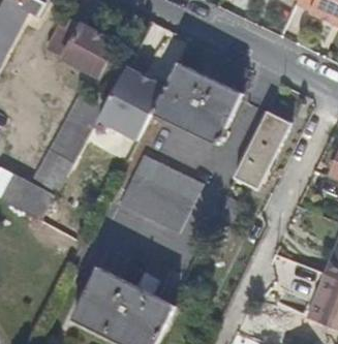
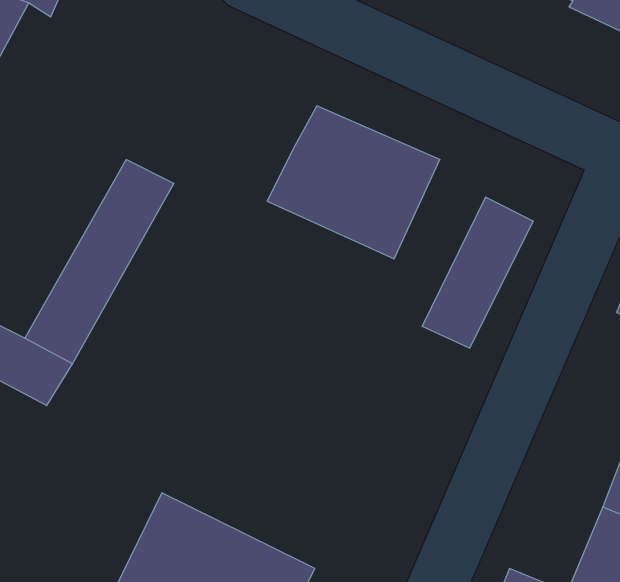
building: [44,20,114,75] -> none
building: [98,66,164,139] -> none
building: [119,154,205,232] -> none

